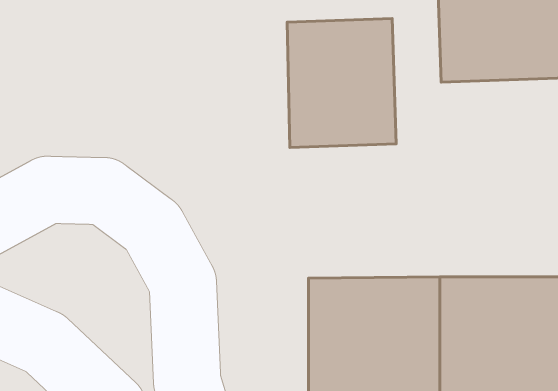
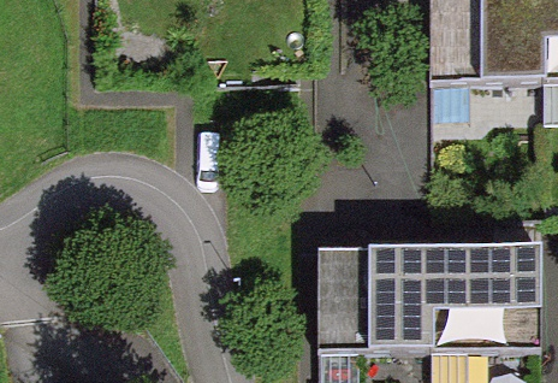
building: [287,19,396,147] -> none

